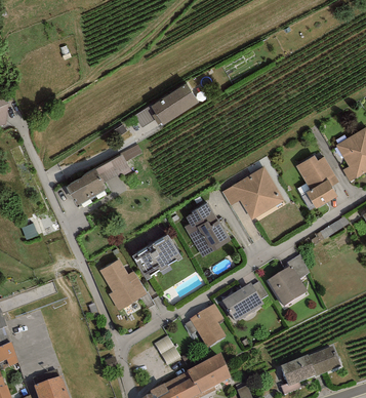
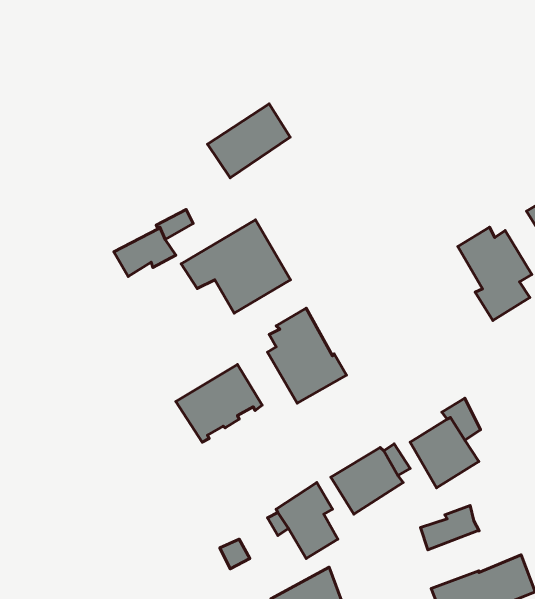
building: [220,165,284,220] -> [181,220,291,313]
building: [65,168,107,205] -> none
building: [98,257,147,310] -> none
building: none -> [420,505,479,550]

